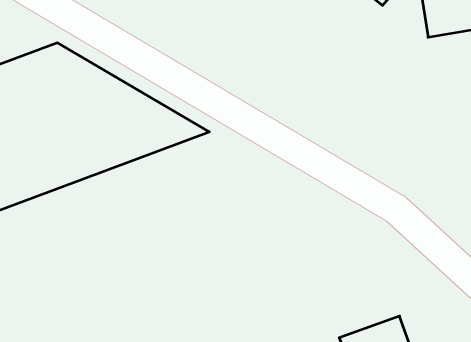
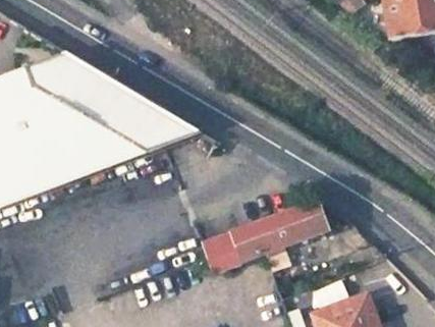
building: none -> [202,203,325,275]

